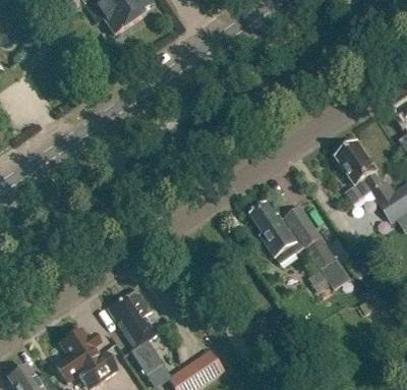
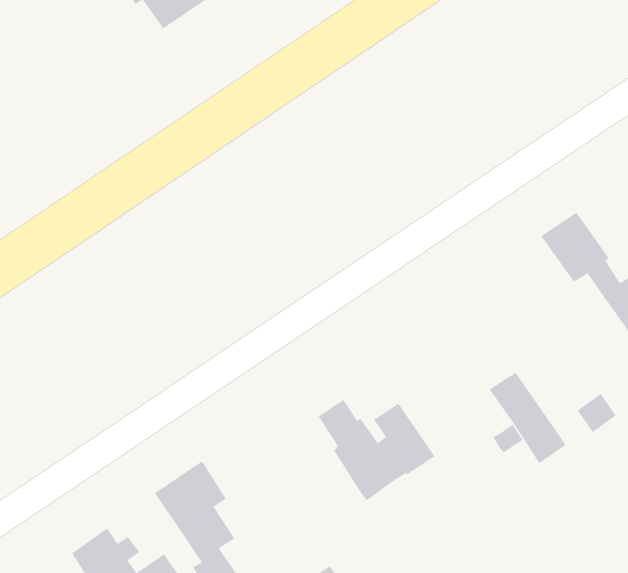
building: [251,204,321,264] -> [318,399,435,501]

